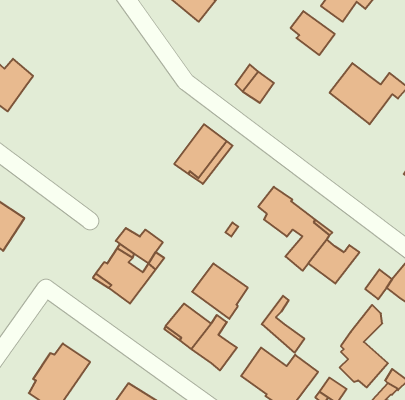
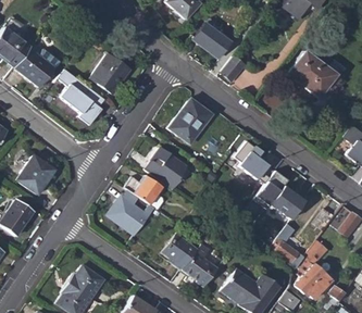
building: [291,11,335,55] -> [196,24,229,58]
building: none -> [90,54,130,95]
building: none -> [58,70,105,125]
building: [192,263,248,319] -> [145,147,187,189]
building: [262,296,304,353] -> [271,224,303,267]

